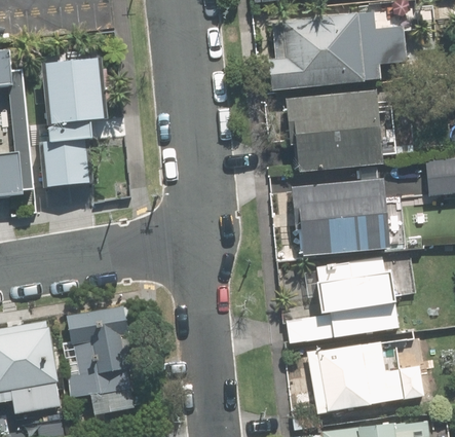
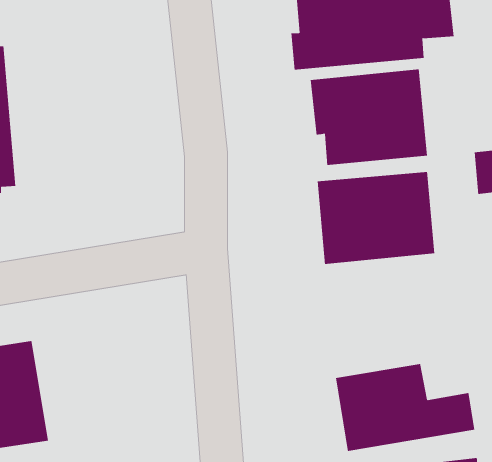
building: [40,57,106,186] -> none
building: [287,256,400,343] -> none
building: [67,306,138,398] -> none

